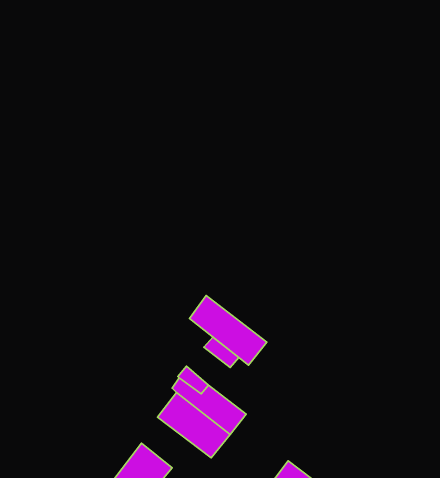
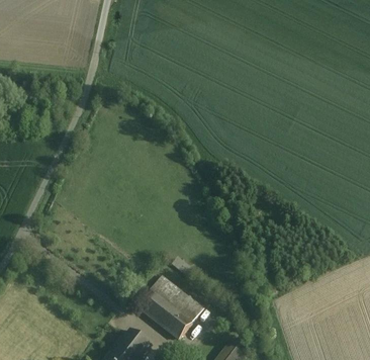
building: [189,295,267,365] -> none

